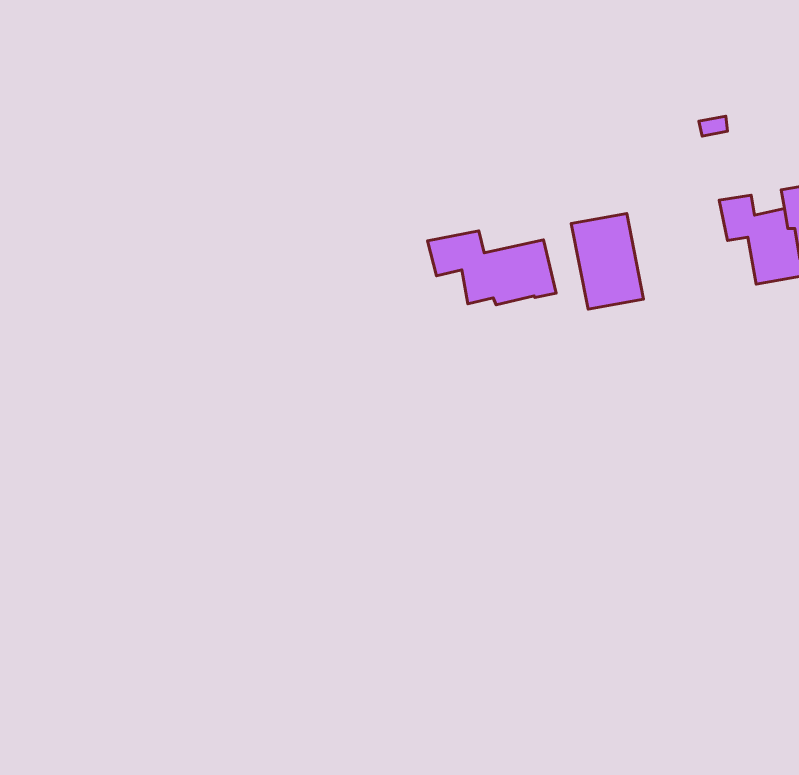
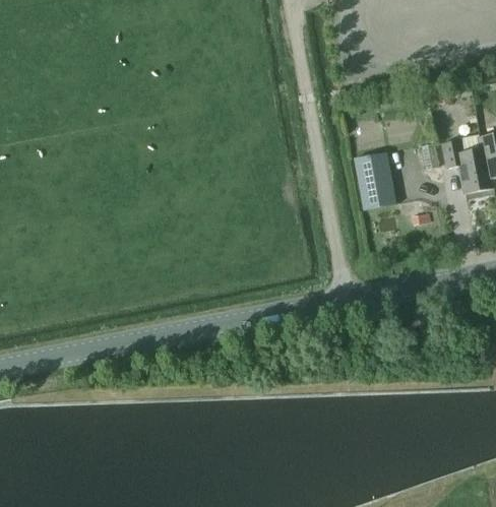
building: [428,231,556,305] -> none

